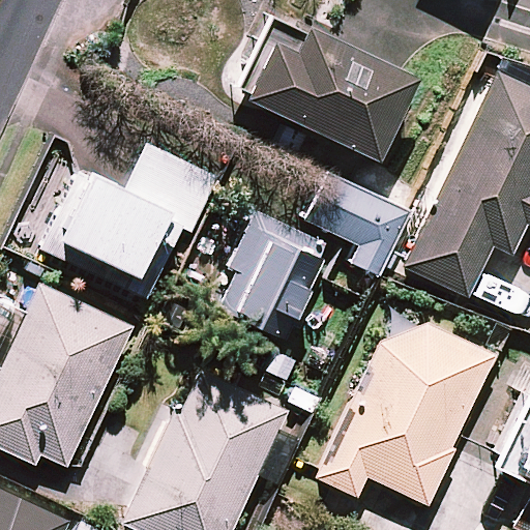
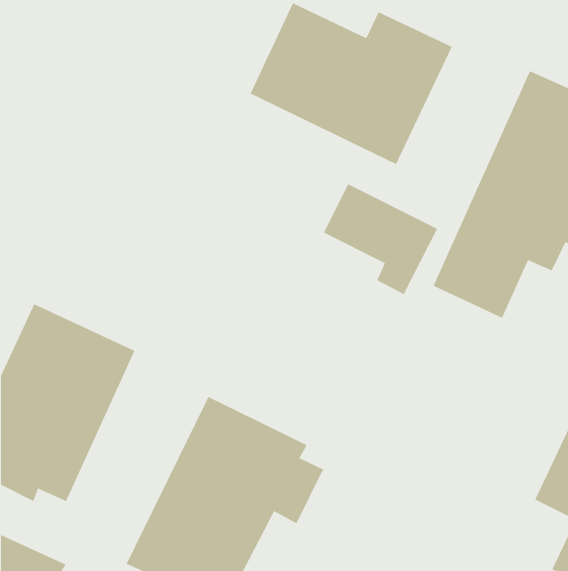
building: [40,142,217,299] -> none
building: [215,215,323,337] -> none
building: [318,321,494,504] -> none

